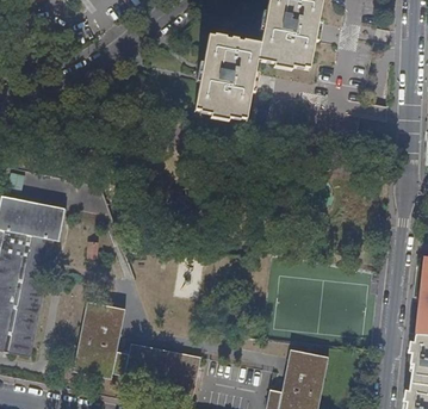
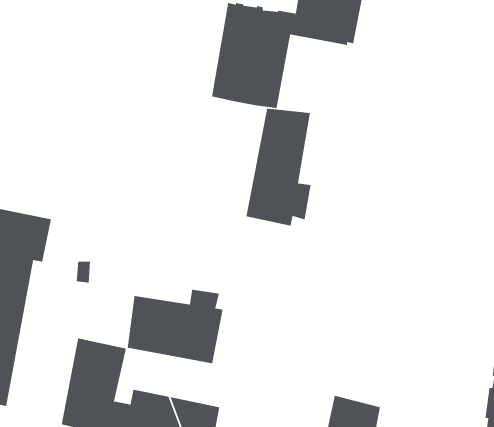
building: none -> [245,108,312,226]
building: none -> [127,289,223,364]

